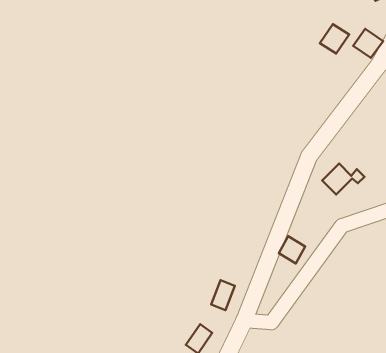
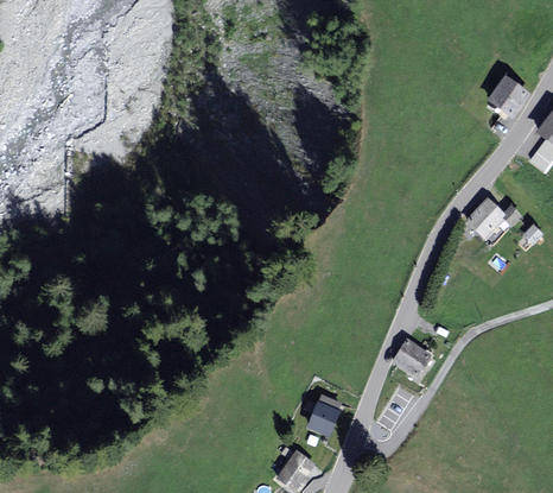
building: [320,24,349,54] -> none
building: [322,164,364,195] -> [466,198,520,238]

